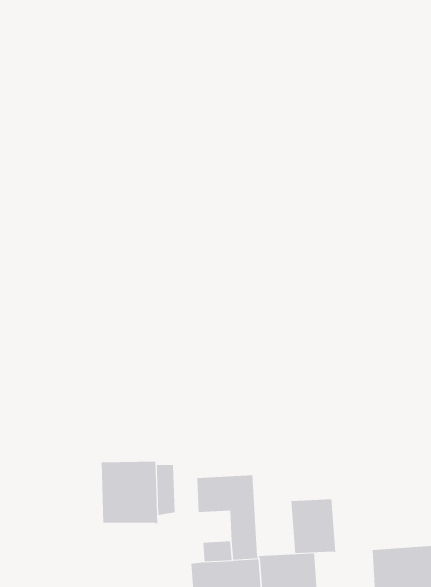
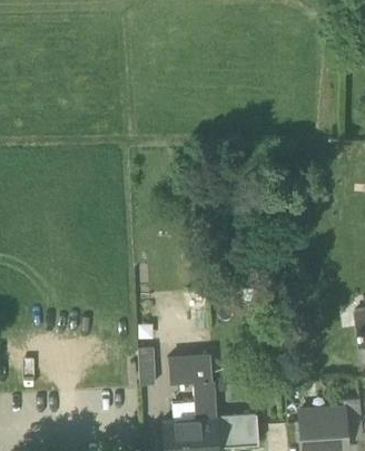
building: [101,461,158,524] -> none
building: [291,498,336,554] -> none

